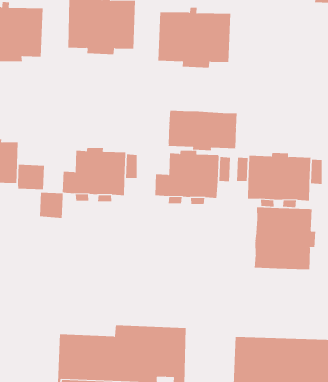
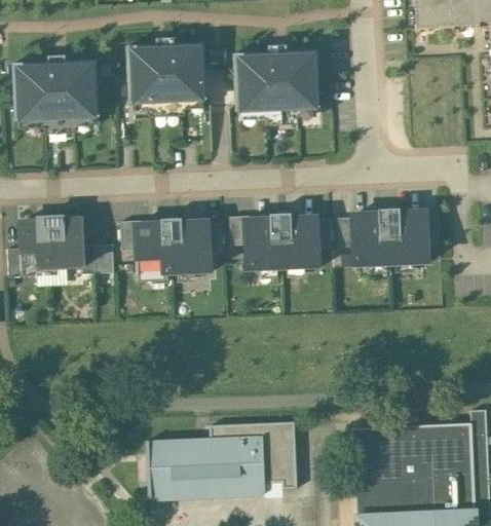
building: [168,110,237,151] -> none
building: none -> [230,214,260,243]
building: [39,192,64,218] -> [121,219,150,249]
building: [254,206,316,270] -> none

